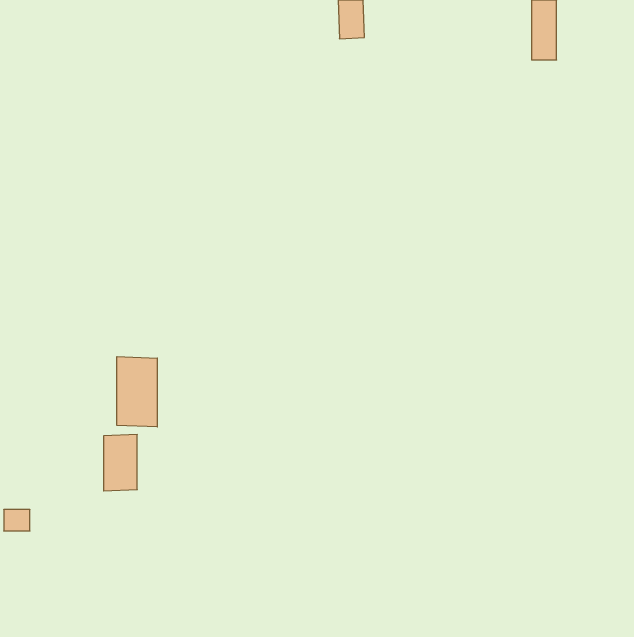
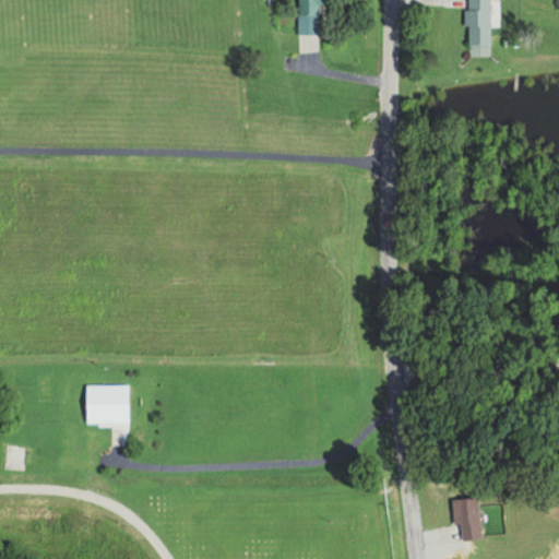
building: [117,357,157,427] -> none
building: none -> [455,498,483,542]

